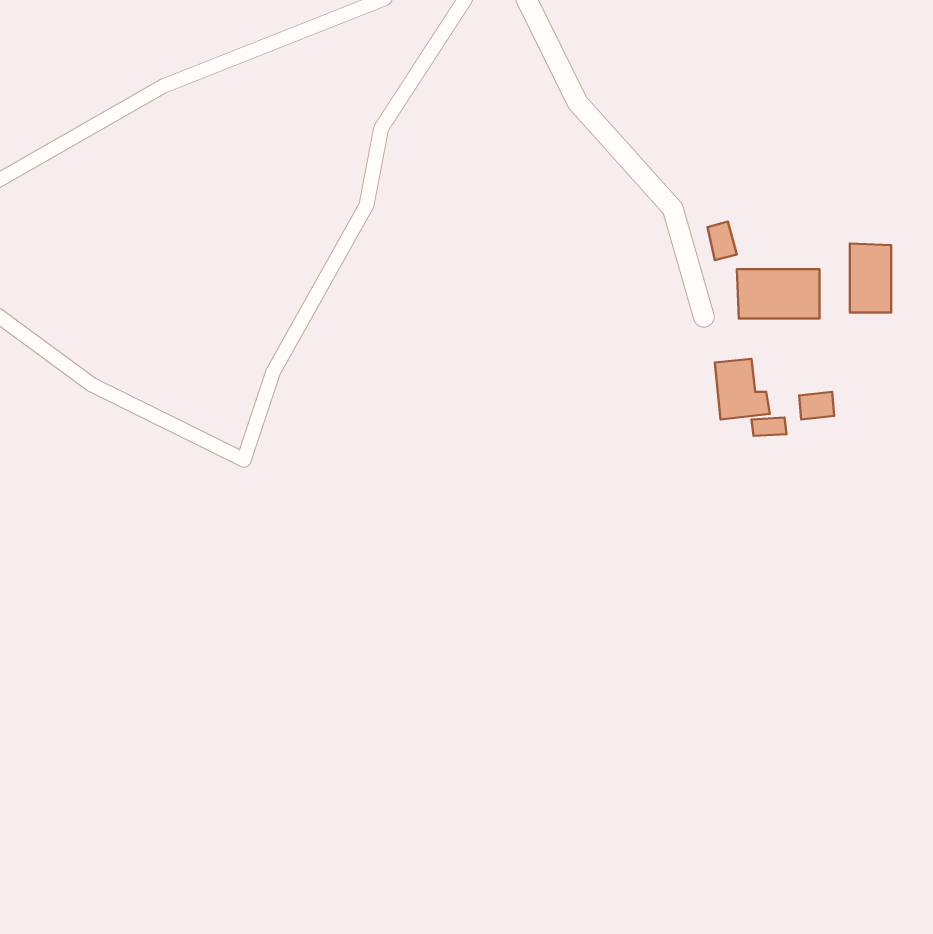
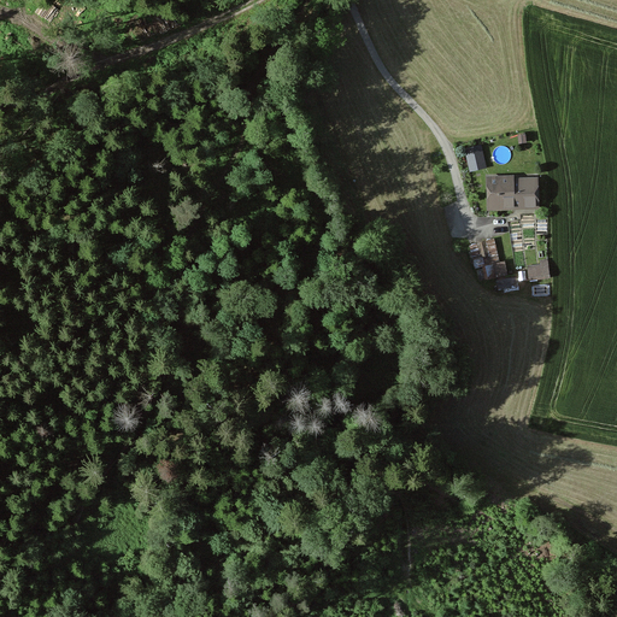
building: [850,244,891,313] -> none

